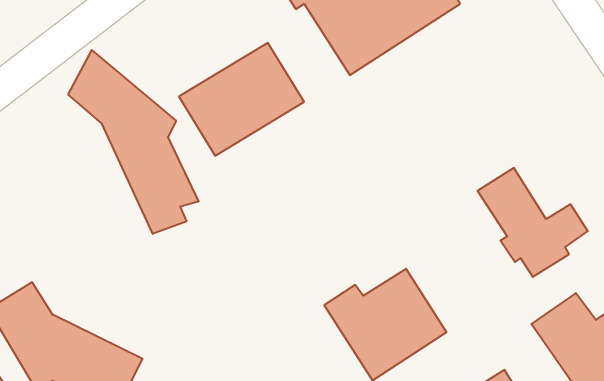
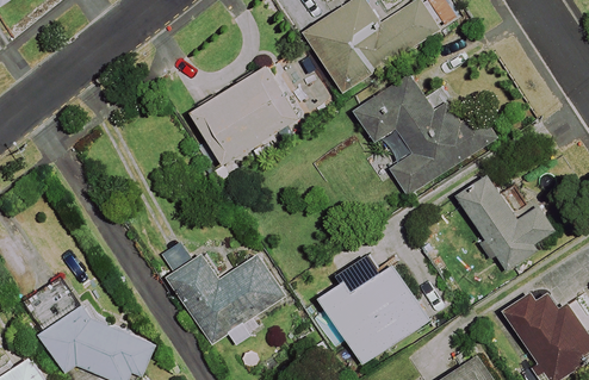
building: [68,50,199,234] -> none
building: none -> [354,75,497,195]
building: none -> [168,255,284,347]

